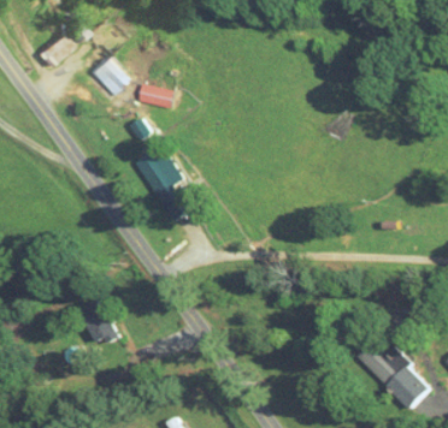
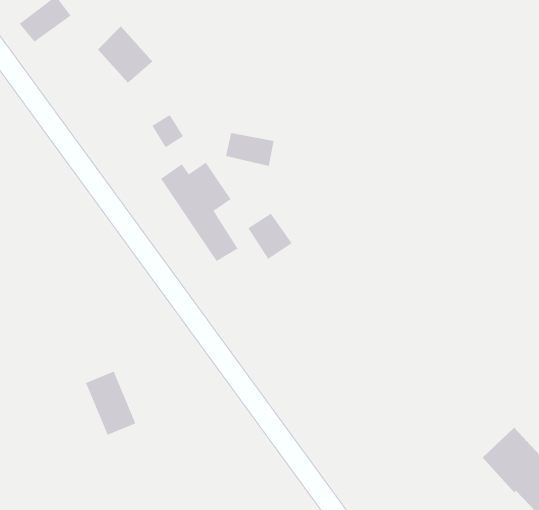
building: [136,83,171,107] -> [225,132,275,166]
building: none -> [247,213,293,260]

